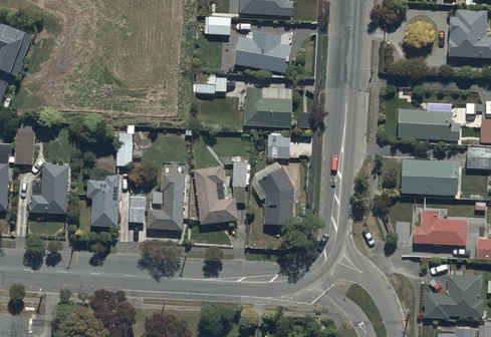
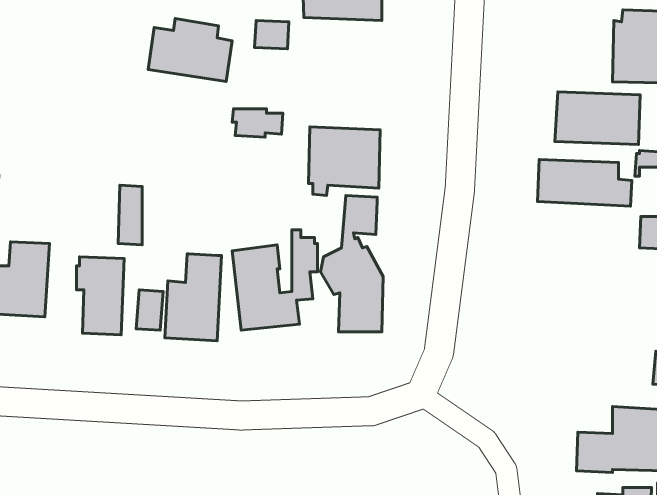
building: [234,31,290,73] -> [148,18,232,81]
building: [401,159,458,195] -> [555,92,640,144]
building: [414,210,468,246] -> none

